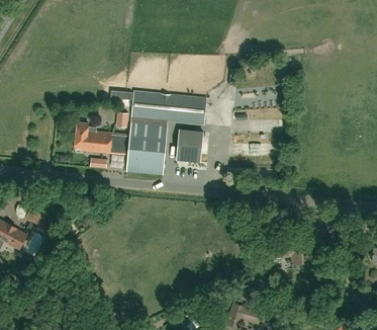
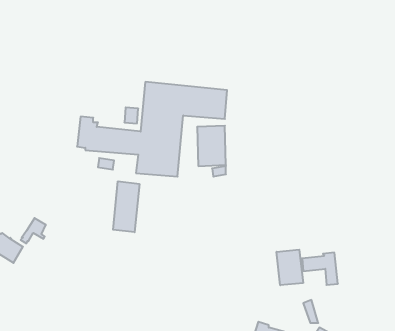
building: none -> [113,181,139,232]
building: none -> [277,250,303,285]

